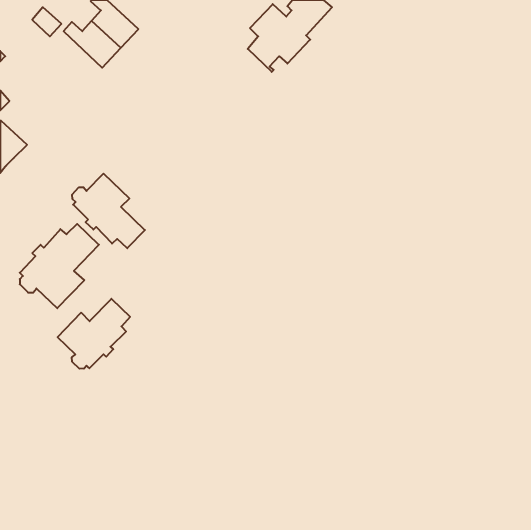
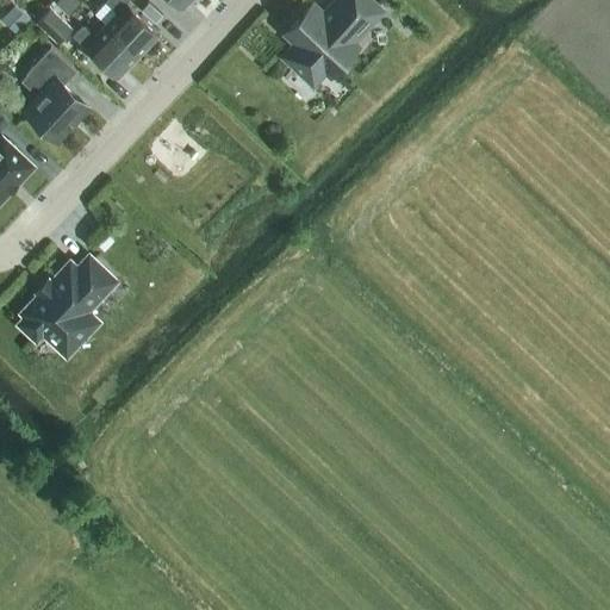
building: none -> [26,49,87,141]
building: [72,174,145,248] -> none
building: [58,299,130,369] -> none

